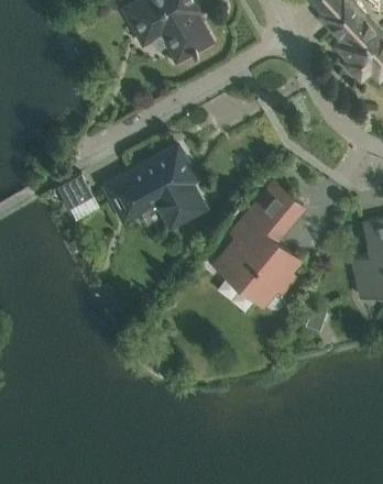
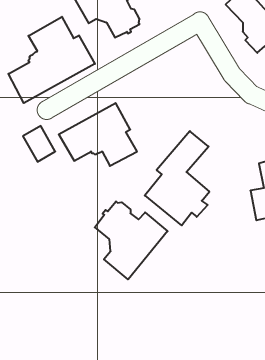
building: none -> [8,17,95,103]
building: none -> [95,201,168,279]

